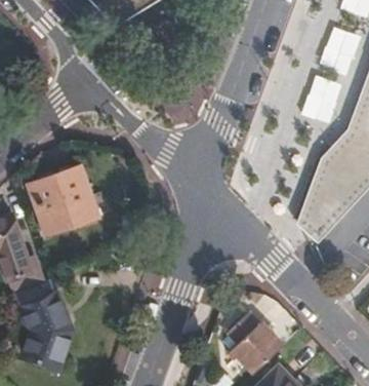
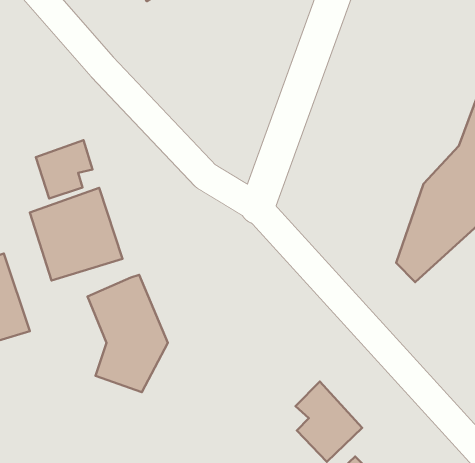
building: none -> [36,140,93,199]
building: [10,276,71,364] -> [87,275,168,392]

